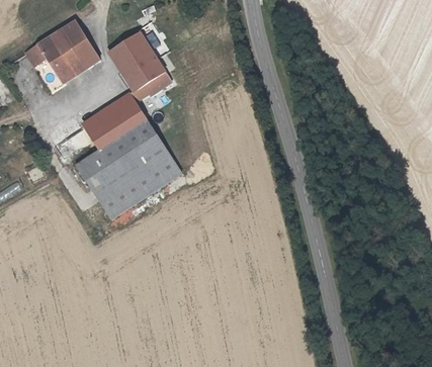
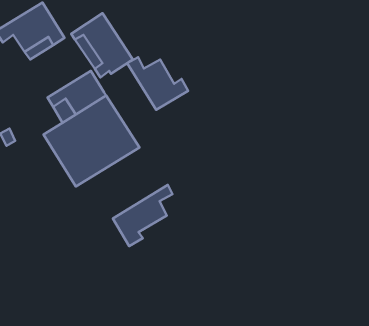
building: none -> [127,57,188,110]
building: none -> [113,185,173,246]

